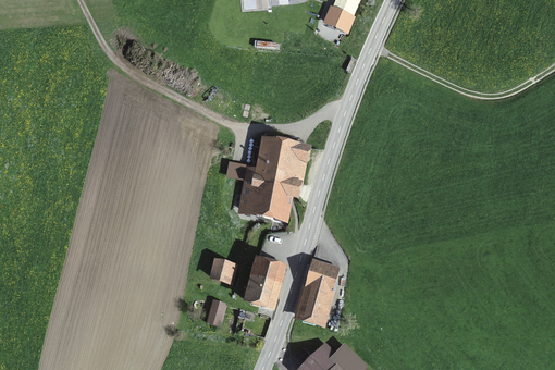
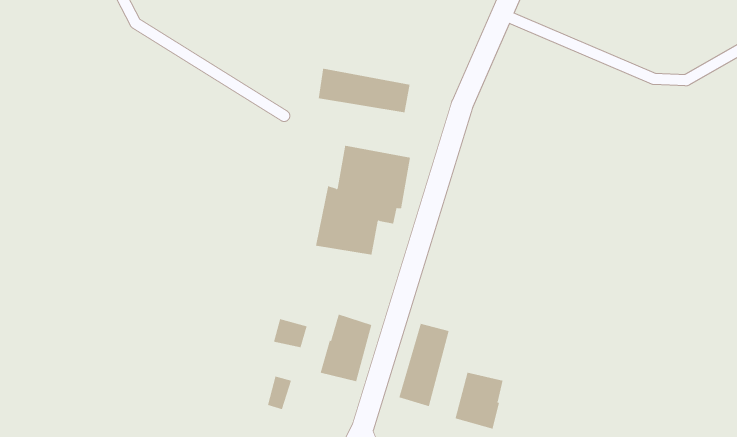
building: none -> [318,68,410,113]
building: none -> [455,372,503,430]

